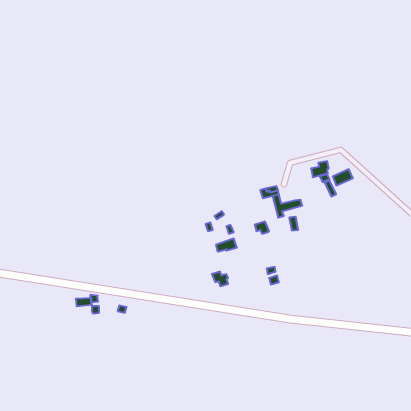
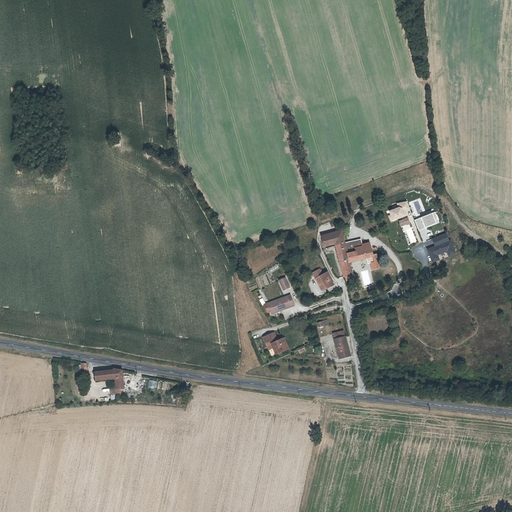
building: none -> [425,232,454,262]

